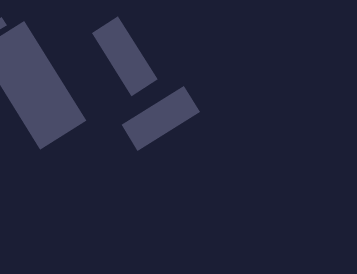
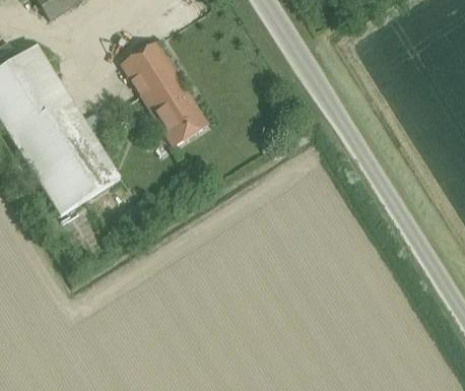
building: [120,85,201,152] -> none

